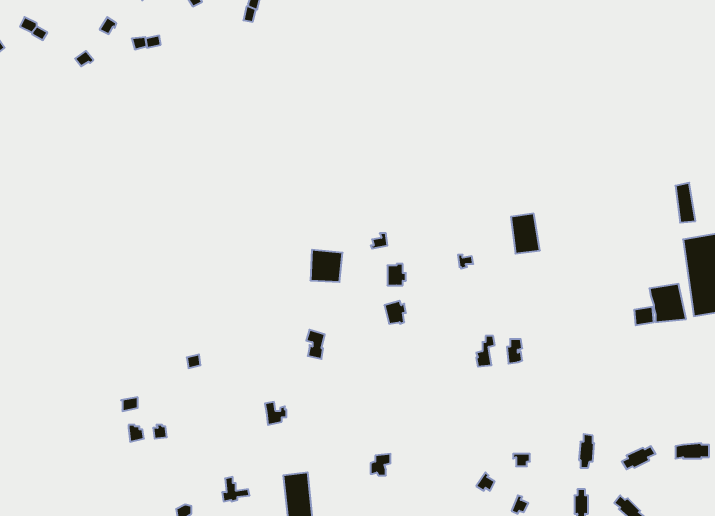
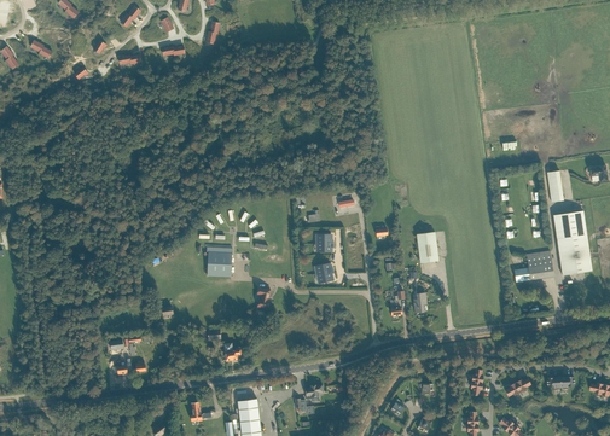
building: [511,214,540,254] -> [417,232,440,263]
building: [310,250,343,282] -> [207,251,232,277]

